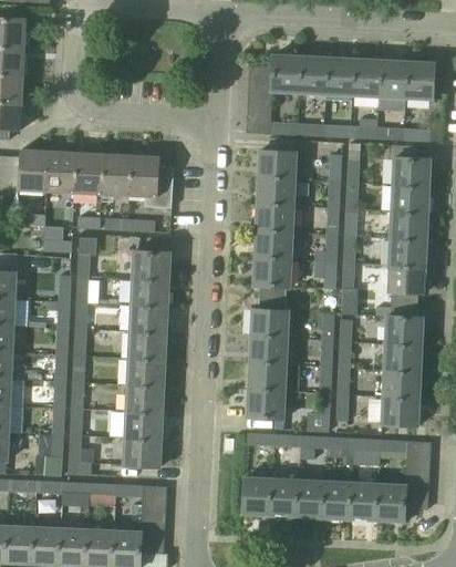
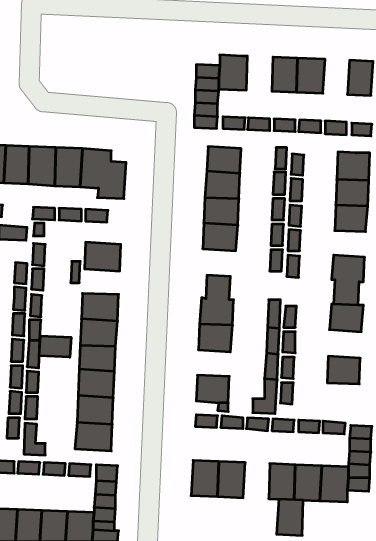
building: [300,59,328,95] -> none
building: [380,62,407,99] -> none
building: [391,240,424,268] -> none
building: [253,259,289,288] -> none
building: [129,280,168,307] -> none
building: [385,343,419,373] -> none
building: none -> [39,336,71,357]
building: [249,364,283,392] -> none
building: [383,399,417,425] -> none
building: [297,482,324,519] -> [277,499,303,535]

